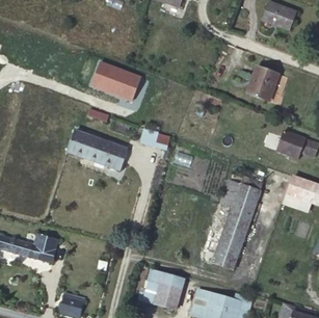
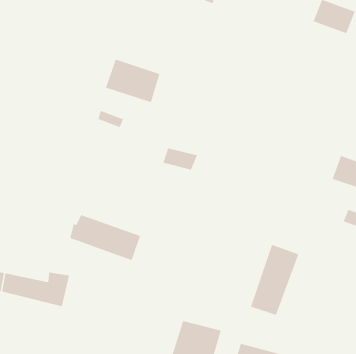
building: [246,68,280,104] -> none
building: [67,131,126,169] -> [69,214,141,261]
building: [219,175,263,216] -> none

